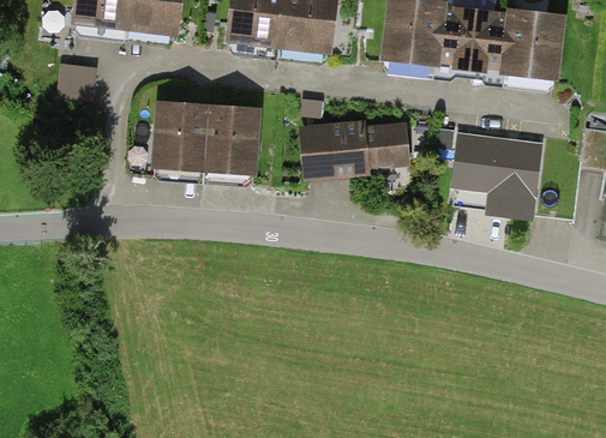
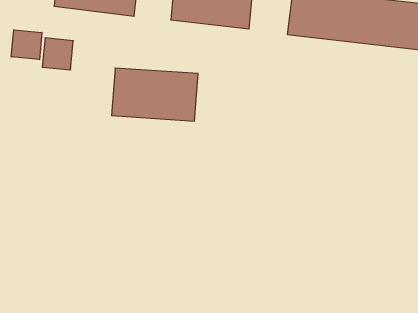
building: none -> [11,30,42,60]
building: [296,122,413,180] -> none
building: [451,132,546,223] -> none

